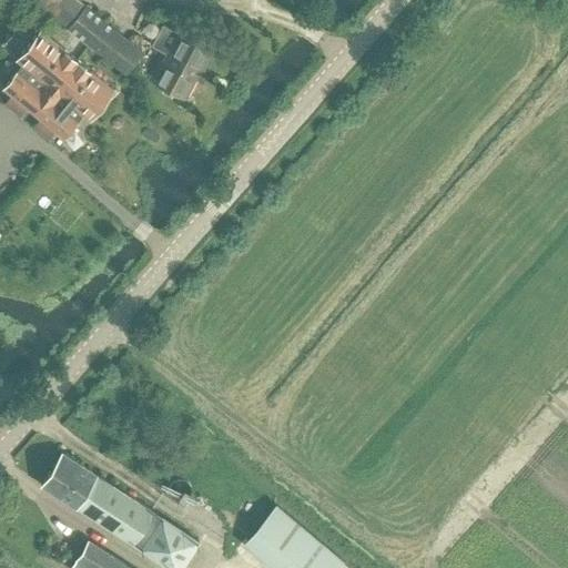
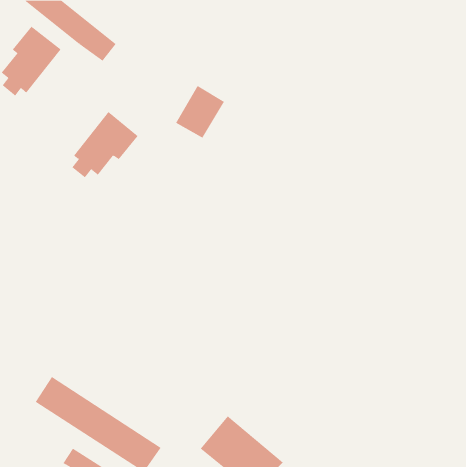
building: [152,33,212,98] -> [175,85,225,138]
building: [33,62,114,143] -> [71,111,138,178]

